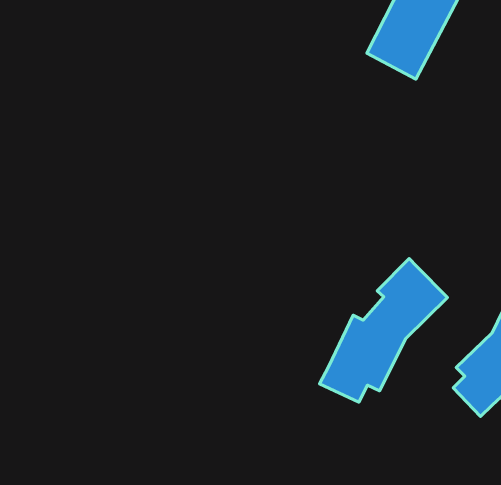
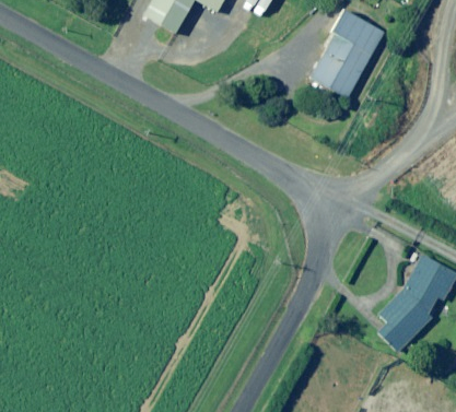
building: [319,259,447,402] -> none

